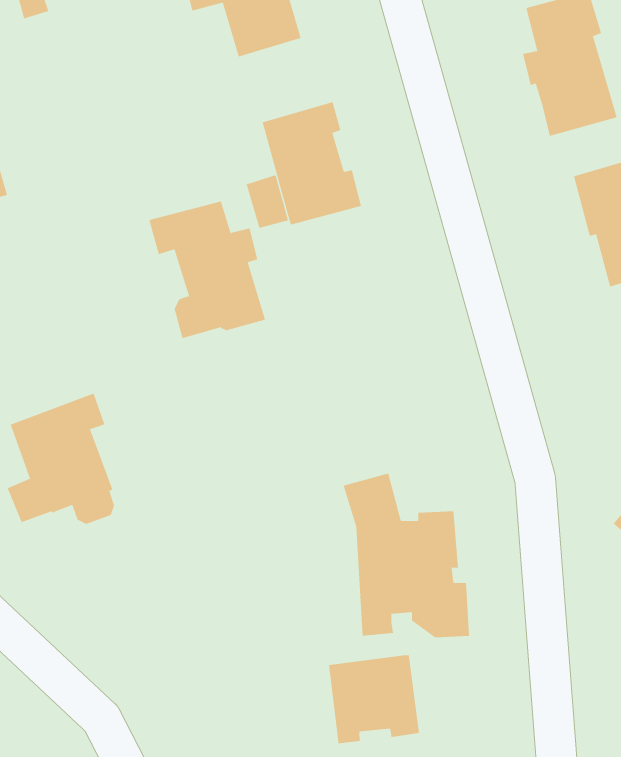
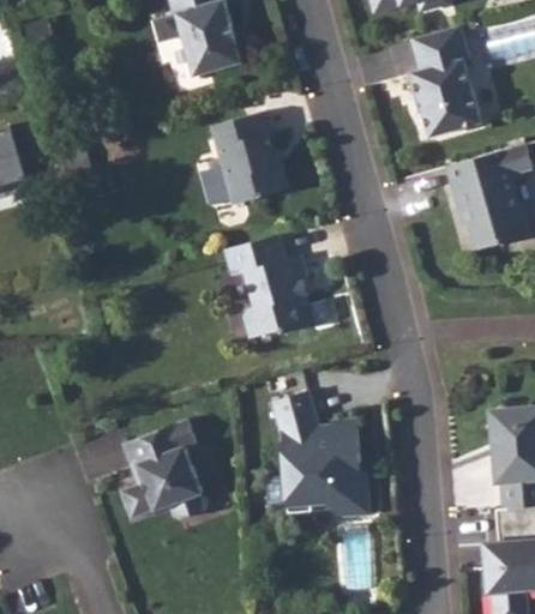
building: [148,201,266,339] -> [223,235,312,339]
building: [7,393,115,525] -> [120,420,202,519]
building: [329,654,420,744] -> none

